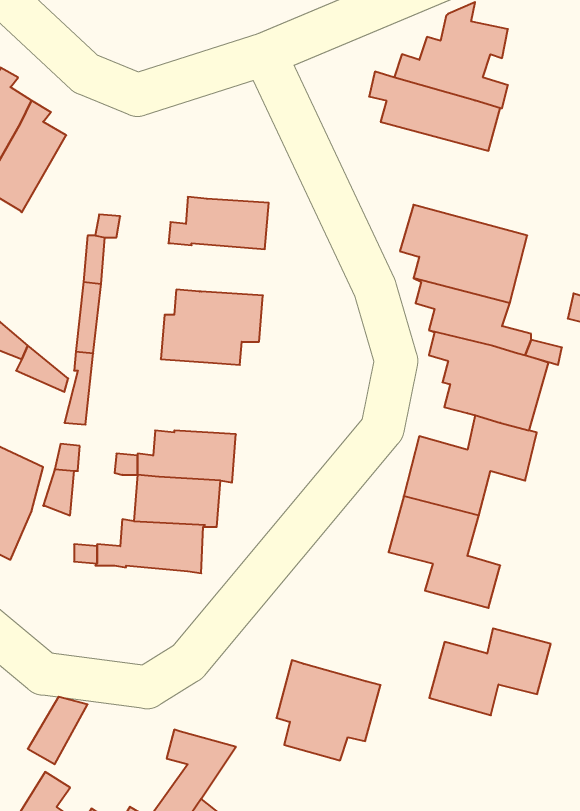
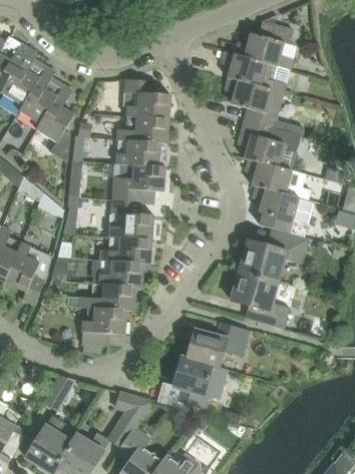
building: none -> [225,76,306,135]
building: none -> [122,78,170,118]
building: none -> [36,83,74,161]
building: none -> [116,139,166,166]
building: none -> [109,199,153,239]
building: none -> [81,307,126,353]
building: [429,628,551,715] -> [187,322,250,367]

